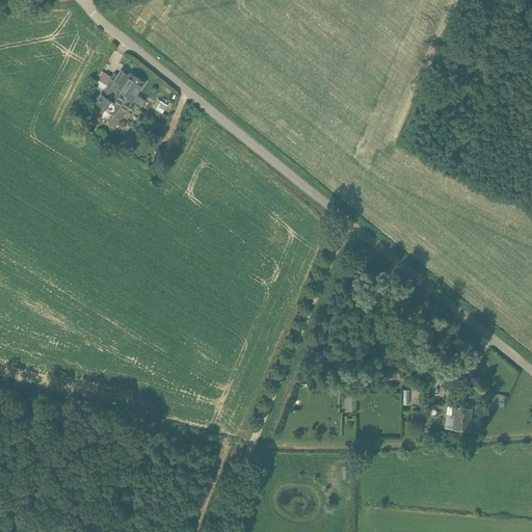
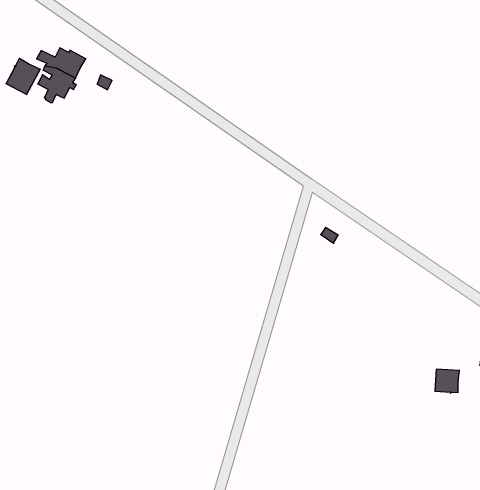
building: none -> [6,58,40,95]

